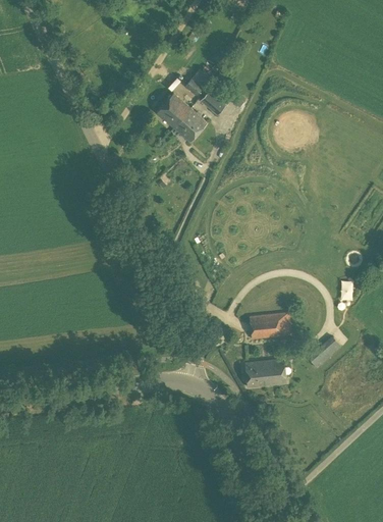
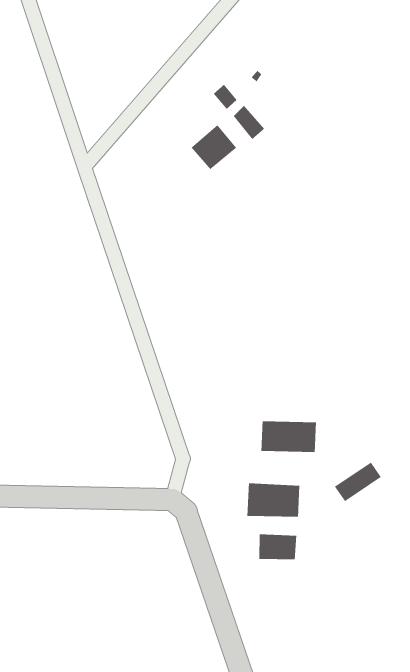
building: [156,93,189,126] -> none
building: none -> [259,533,297,560]

